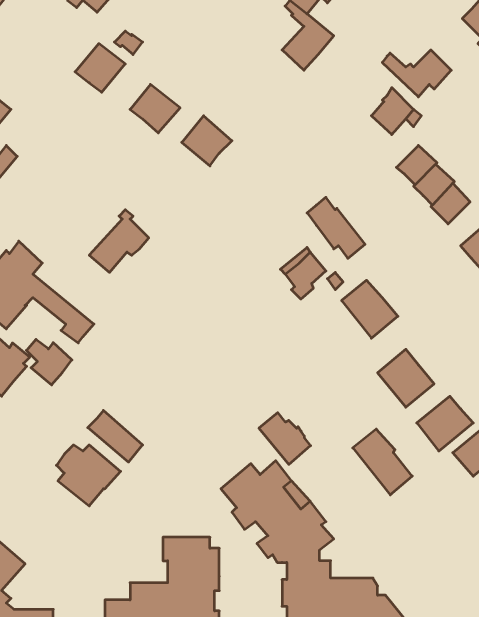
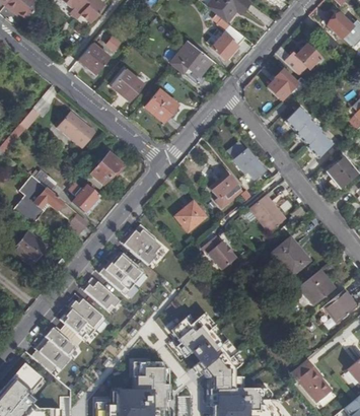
building: none -> [171,40,212,75]
building: none -> [57,110,95,146]
building: none -> [175,201,206,230]
building: none -> [125,223,162,265]
building: [26,339,72,385] -> [69,183,98,212]
building: none -> [103,253,145,294]
building: [259,413,311,464] -> [203,236,236,270]
building: [353,429,412,495] -> [293,358,332,401]
building: none -> [33,326,80,371]

